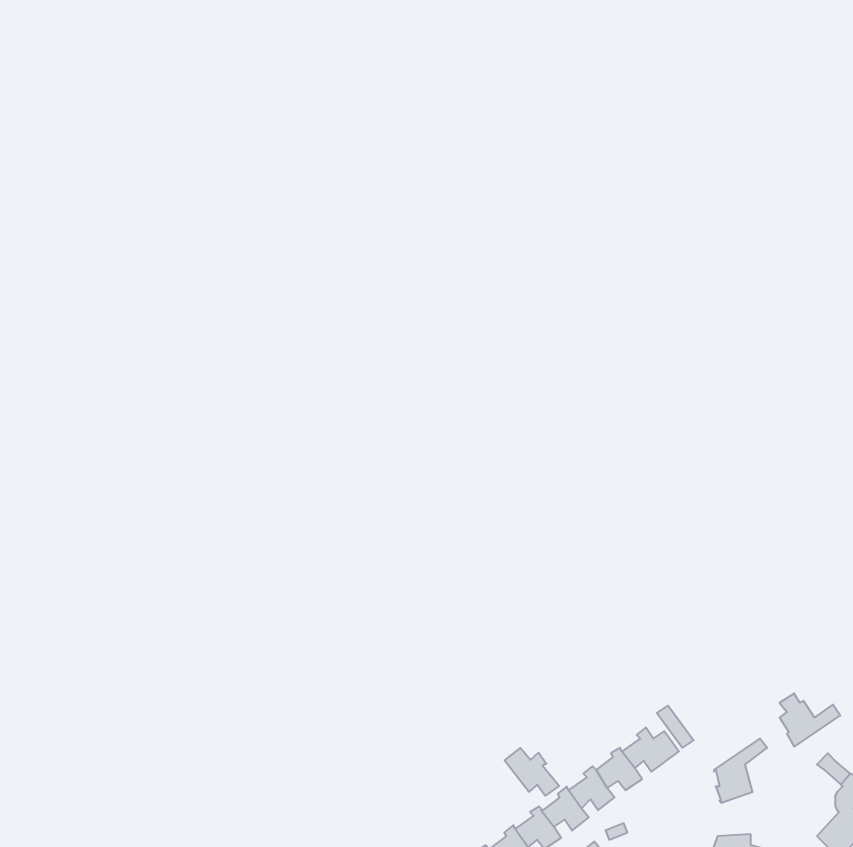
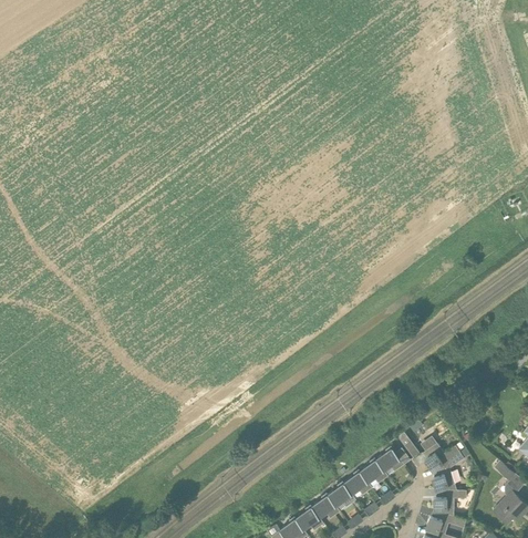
building: [780,693,840,747] -> [422,438,458,470]
building: [505,748,559,796] -> none
building: none -> [433,484,466,510]

